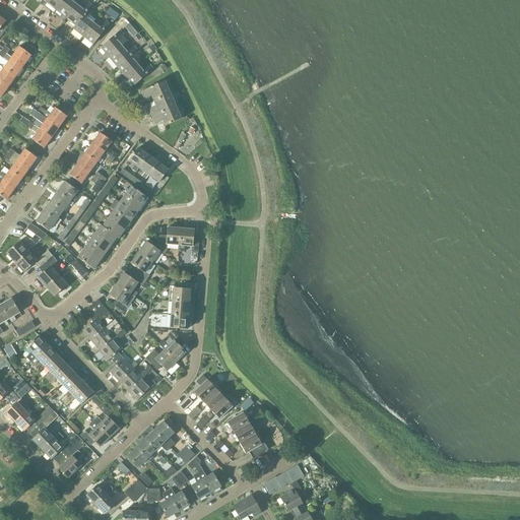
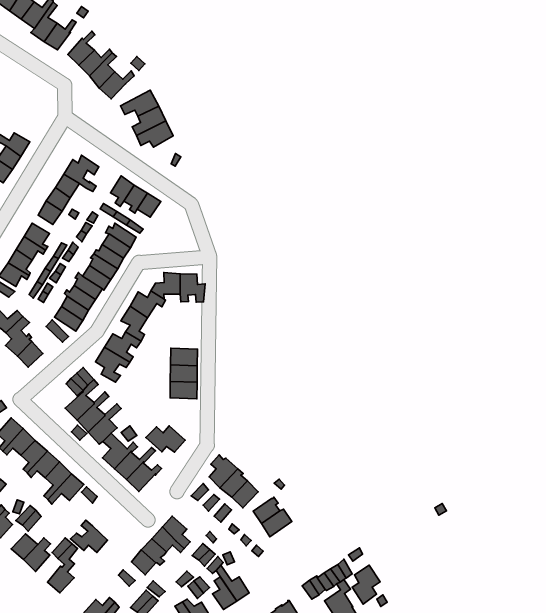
building: [159,330,186,361] -> none
building: [93,407,122,437] -> none
building: [240,431,268,457] -> none
building: none -> [352,565,380,604]

